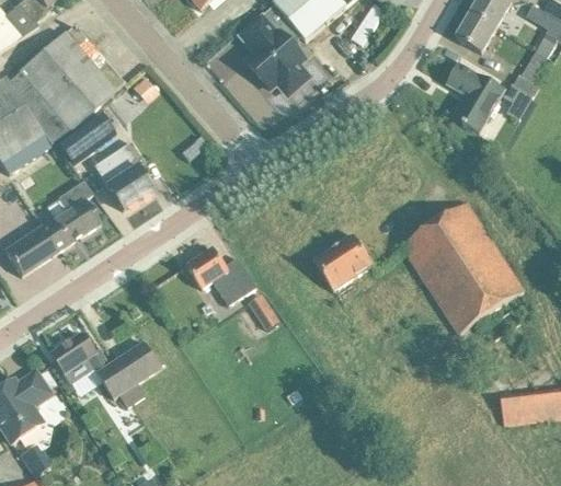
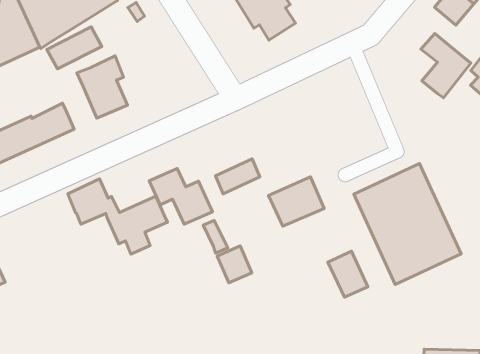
building: none -> [215,159,260,194]
building: none -> [328,251,368,297]
building: none -> [217,246,252,283]
building: [51,333,160,406] -> [68,179,167,254]

